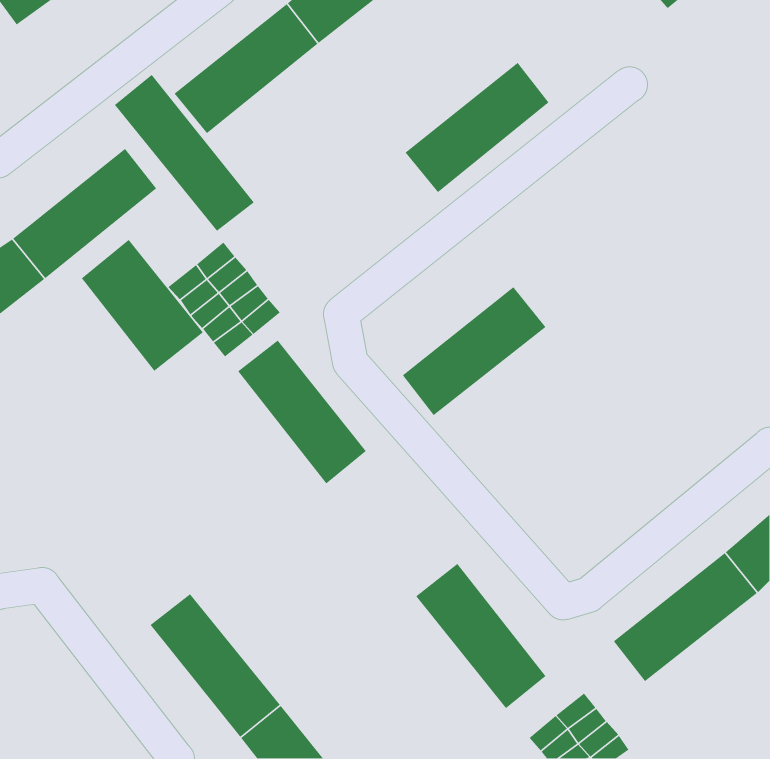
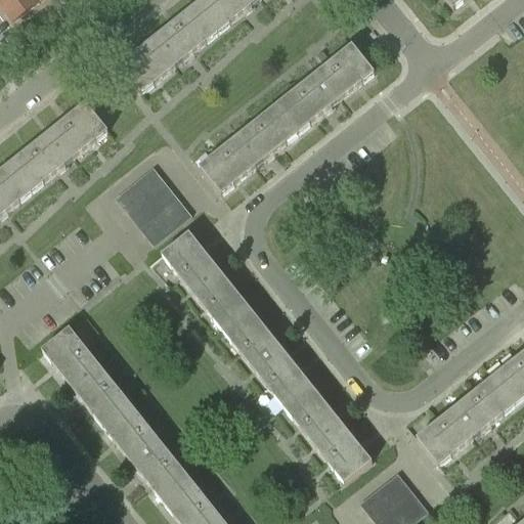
building: [114,74,255,232] -> none
building: [81,239,204,372] -> none
building: [402,286,547,416] -> [199,103,297,191]
building: none -> [221,306,310,404]
building: none -> [41,325,129,424]

